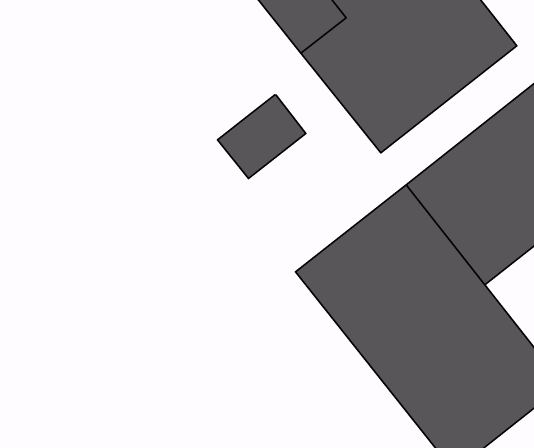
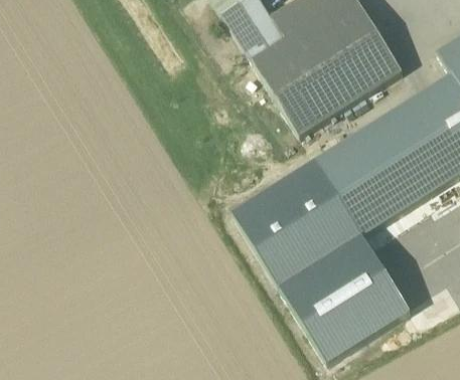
building: [218,95,306,179] -> none

